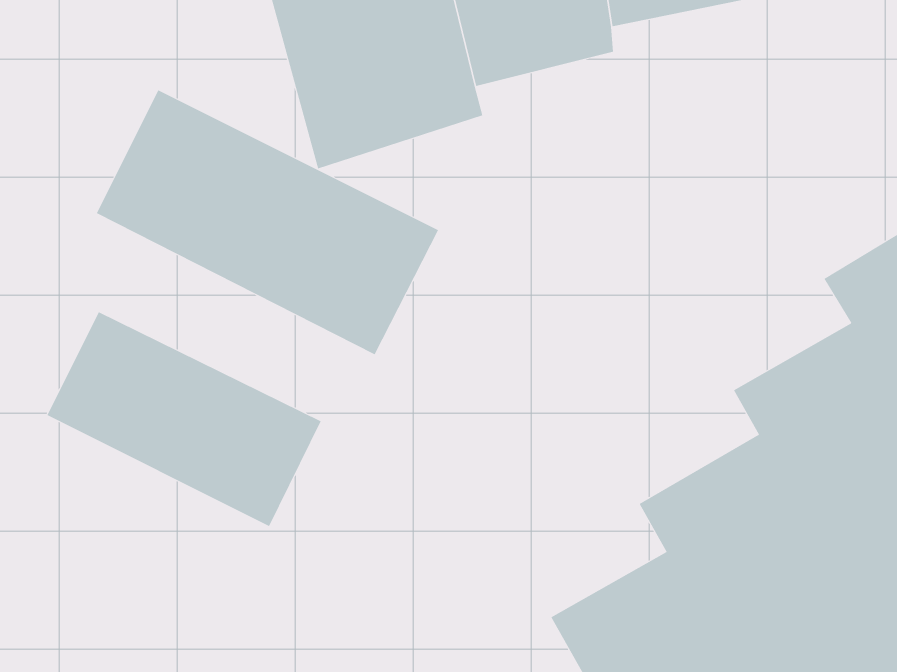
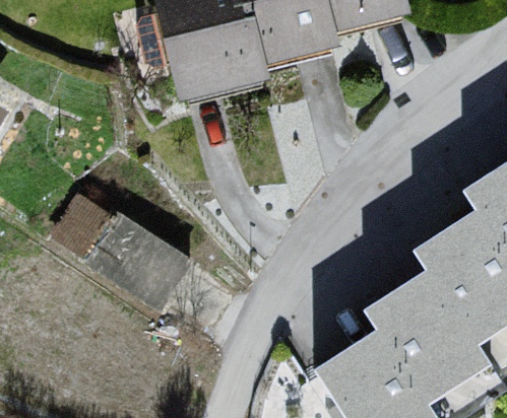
building: [96,89,439,355] -> none

